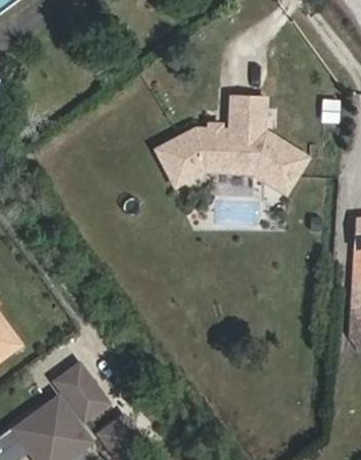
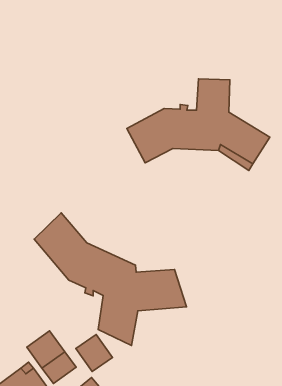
building: none -> [34,213,186,345]
building: none -> [76,335,112,371]

